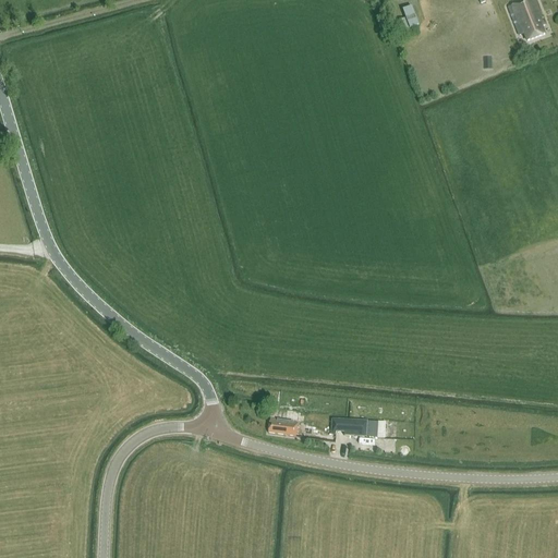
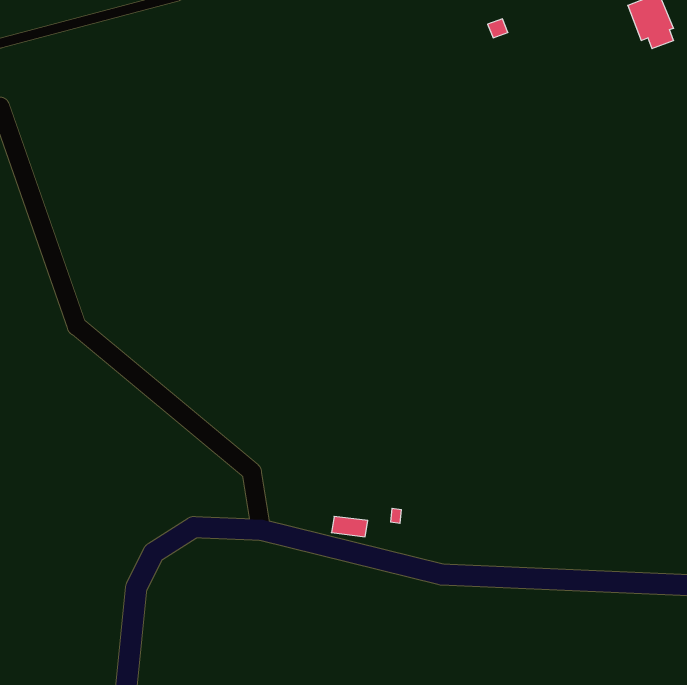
building: [331,416,379,435] -> none

